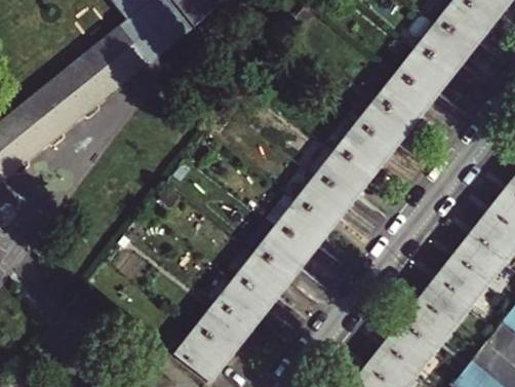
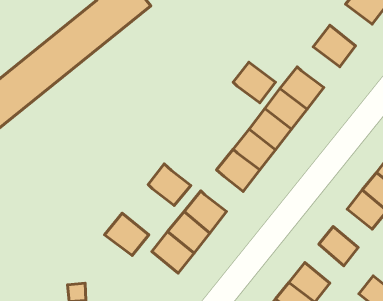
building: [419,20,471,71] -> none
building: [379,72,431,122] -> [233,62,275,103]
building: [260,224,312,275] -> [148,164,191,205]
building: [423,272,471,319] -> none
building: [388,315,436,363] -> none
building: [177,324,232,377] -> [105,213,149,256]

